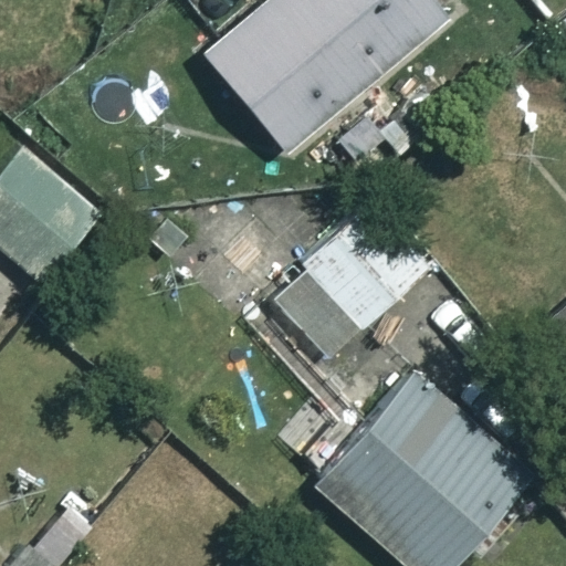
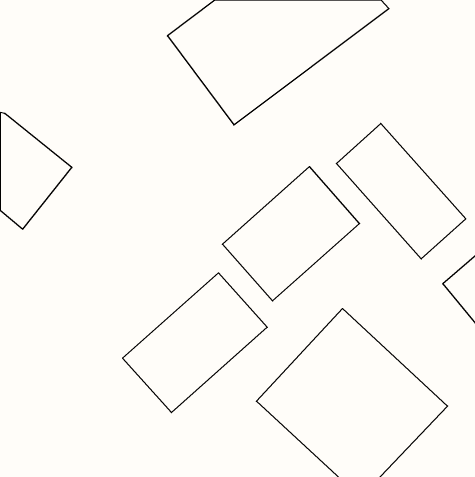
building: none -> [336,123,466,259]
building: none -> [123,273,267,413]

